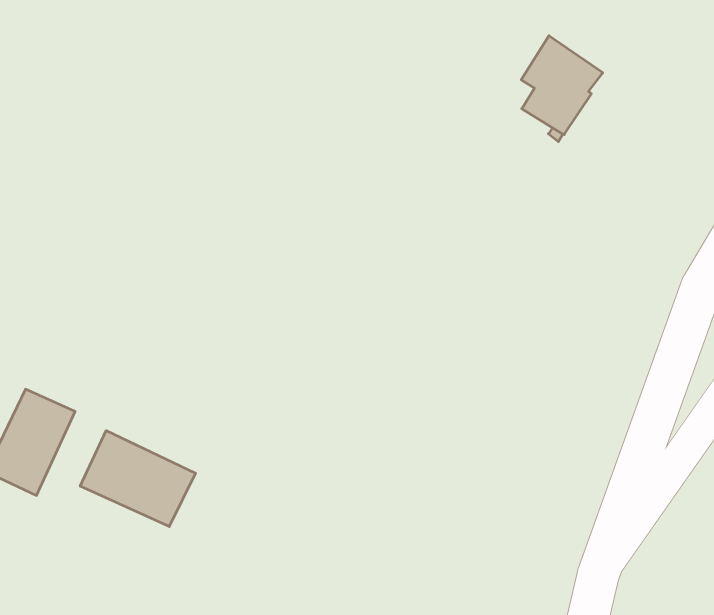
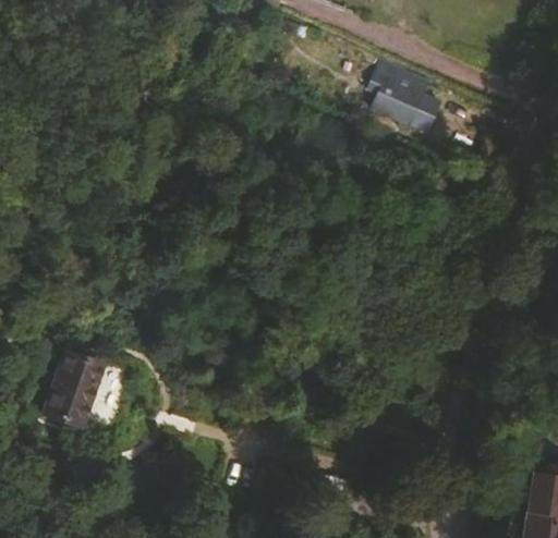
building: [80,431,196,527] -> none

